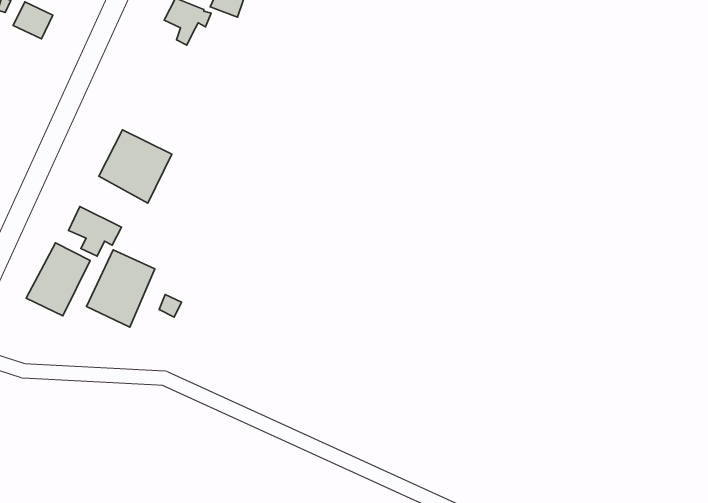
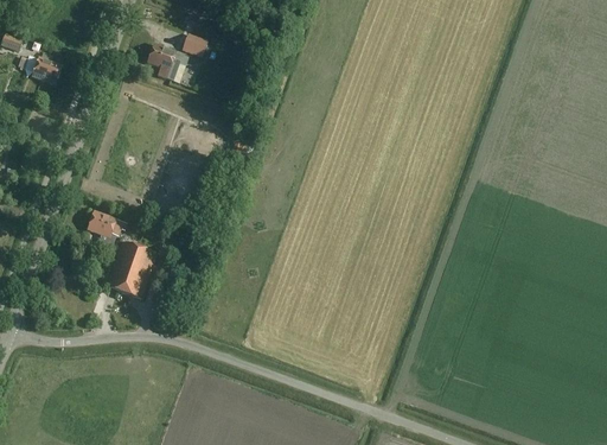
building: [99,130,172,203] -> none
building: [26,243,90,316] -> none

